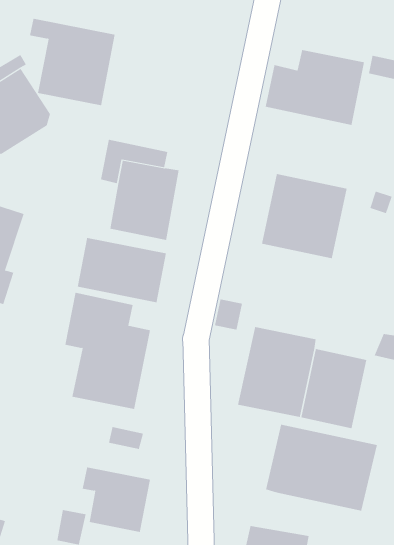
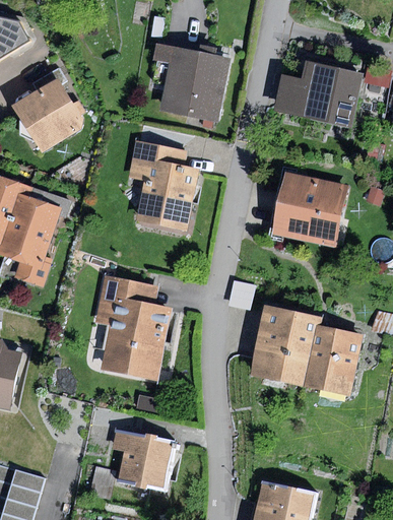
building: [29,18,116,106] -> [153,44,230,121]
building: [77,237,166,303] -> none
building: [266,424,377,512] -> none

